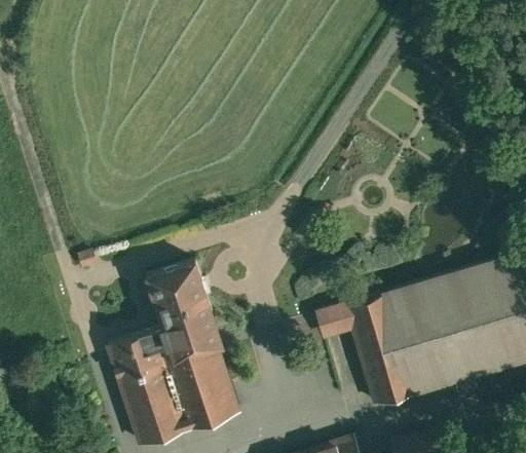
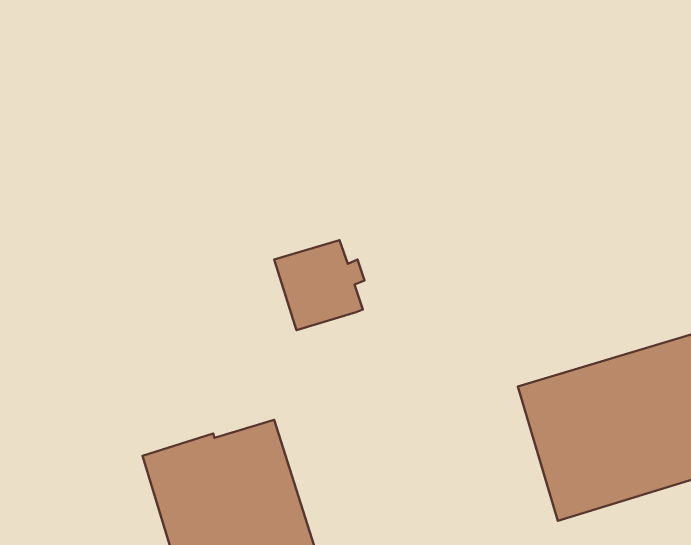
building: [146,264,213,331] -> [274,240,364,330]
building: [317,293,417,404] -> none

